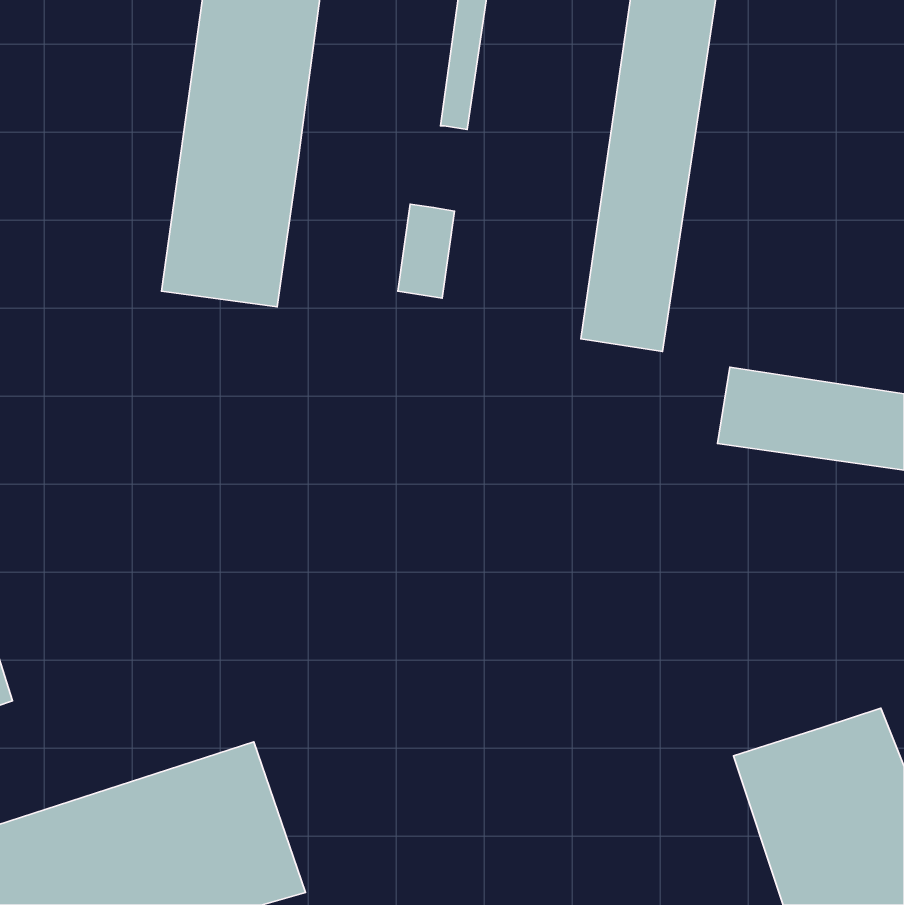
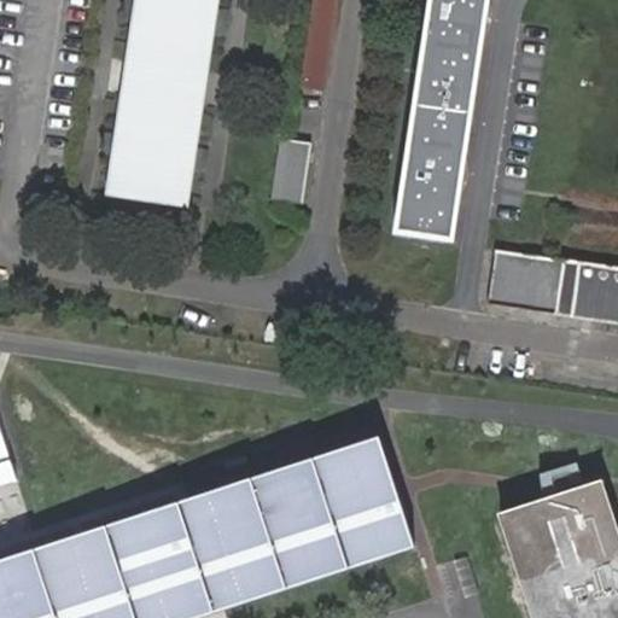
building: none -> [173,441,408,607]

